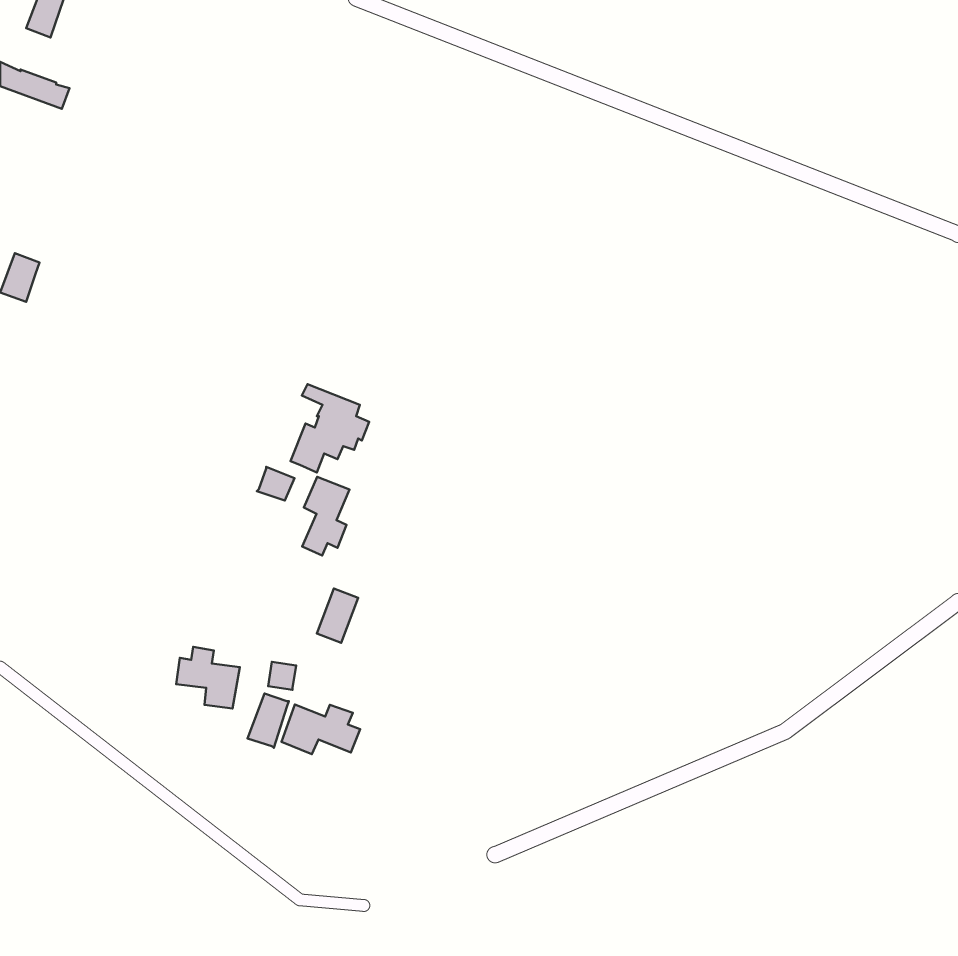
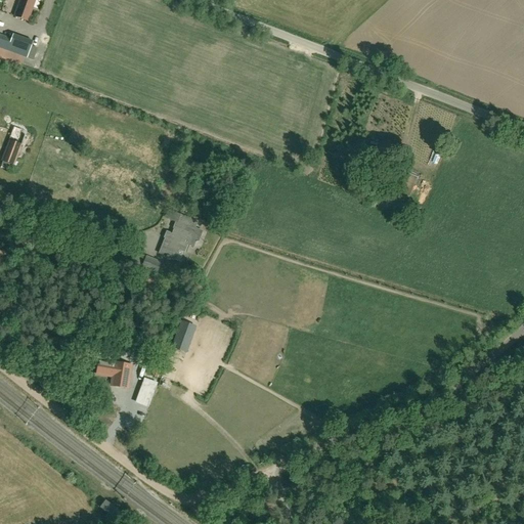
building: [302,477,350,556] -> none
building: [281,704,360,754] -> none

